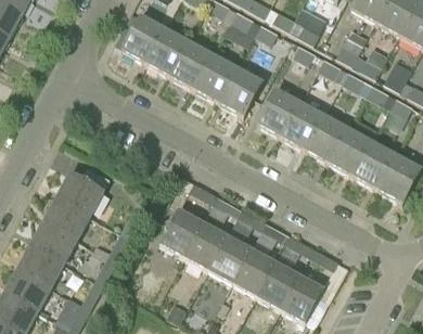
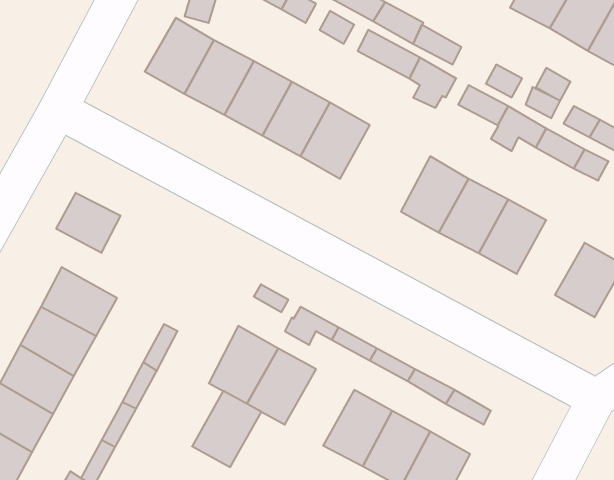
building: [257,89,300,137] -> none
building: none -> [56,193,120,253]
building: [355,142,397,189] -> none
building: [209,235,253,283] -> [192,391,261,467]

